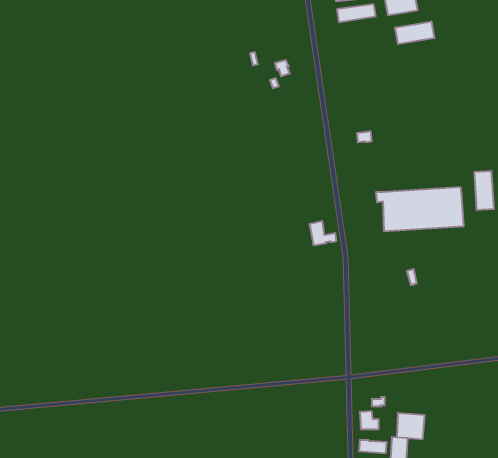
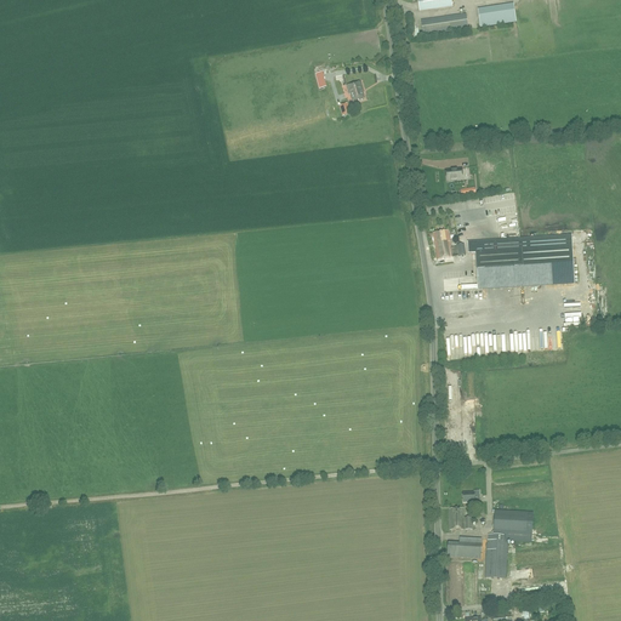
building: [395,21,434,44] -> none
building: [475,171,494,210] -> none
building: [309,221,336,245] -> [433,228,466,257]

